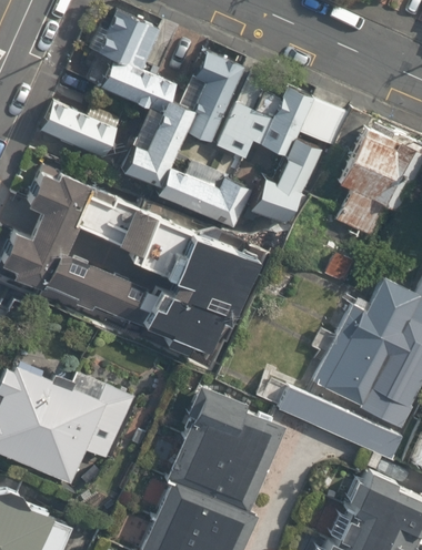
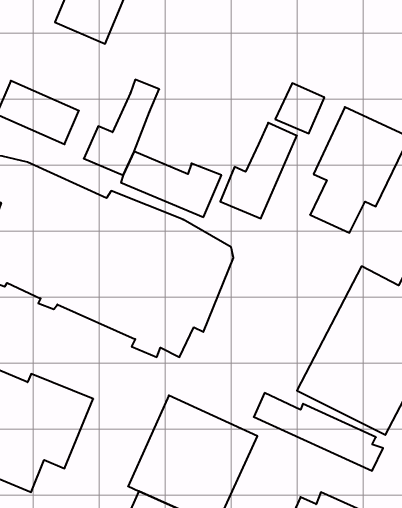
building: [183,47,243,141] -> none
building: [100,54,178,112] -> none
building: [215,89,310,162] -> none

